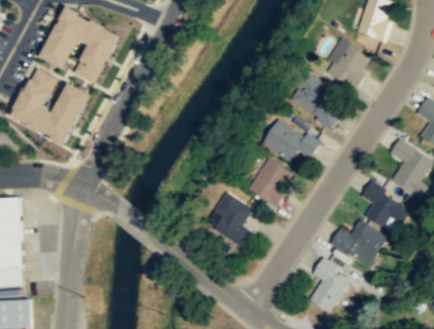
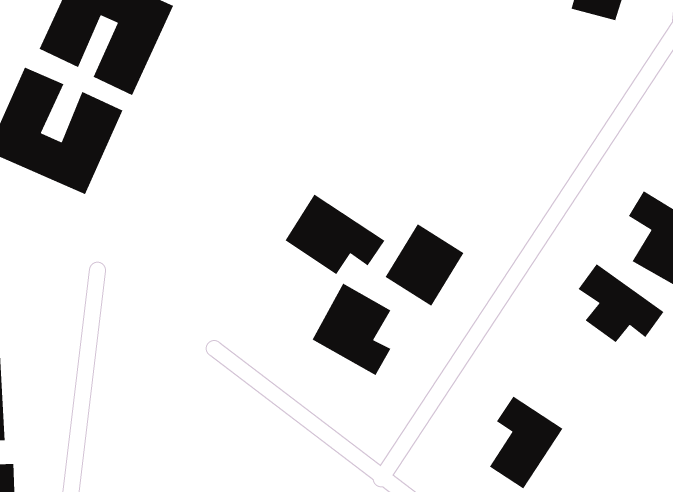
building: [322,39,373,89] -> none
building: [289,74,342,128] -> none
building: [260,118,319,166] -> [284,193,385,275]
building: [329,220,386,267] -> none

